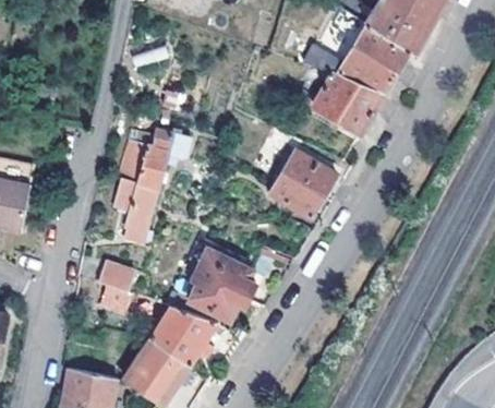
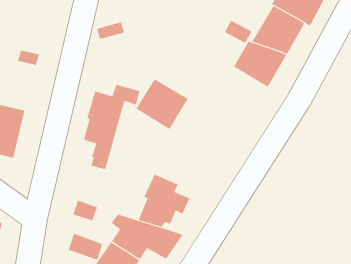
building: [265,146,336,215] -> [136,78,189,130]
building: [98,260,145,296] -> [68,233,103,260]

